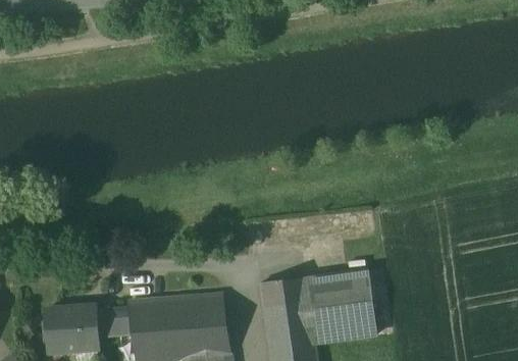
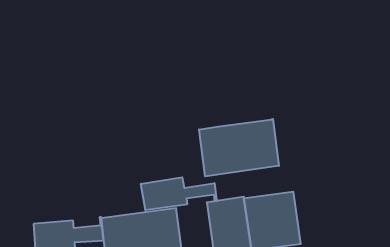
building: none -> [199,119,279,176]
building: none -> [141,177,217,210]

